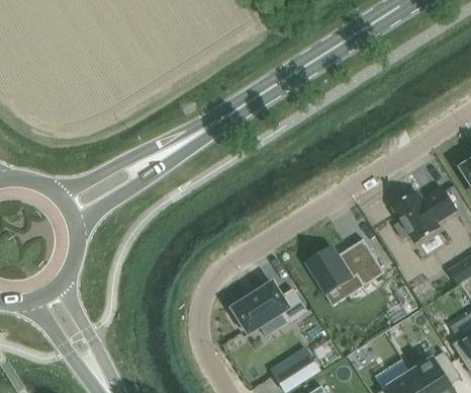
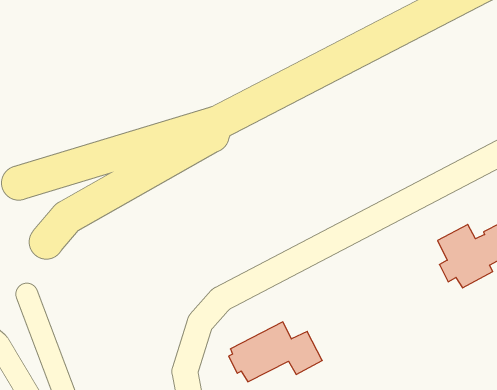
building: [304,238,385,295] -> none

